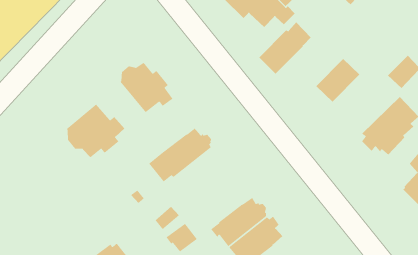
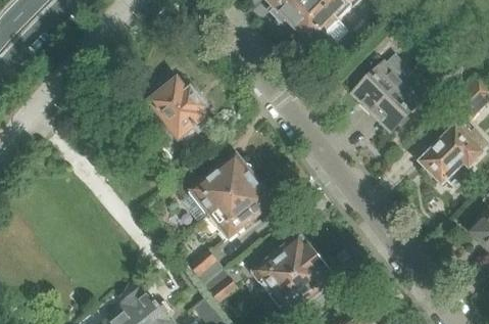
building: [258,21,311,74] -> [351,49,411,109]
building: [66,104,125,158] -> none
building: none -> [209,179,272,239]

